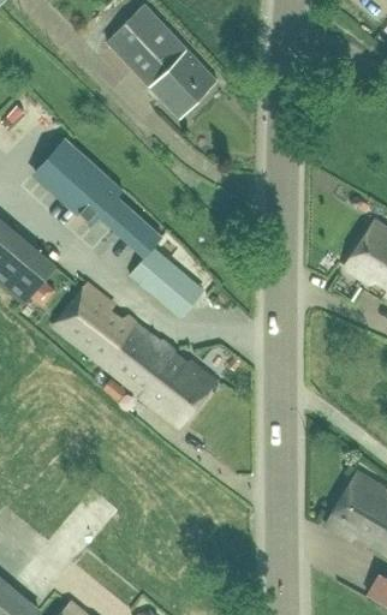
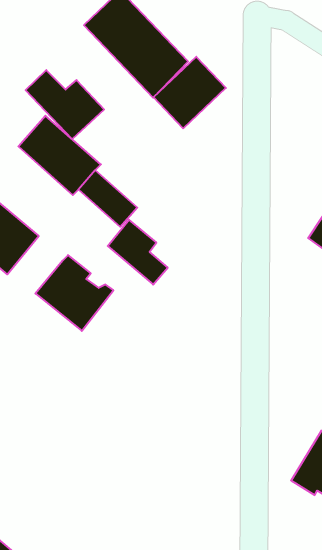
building: none -> [153,57,226,128]
building: none -> [26,70,104,139]
building: [103,323,216,429] -> none

